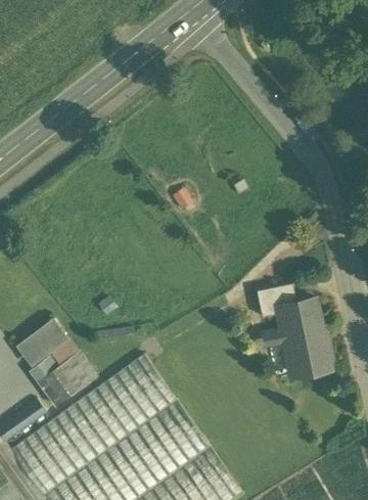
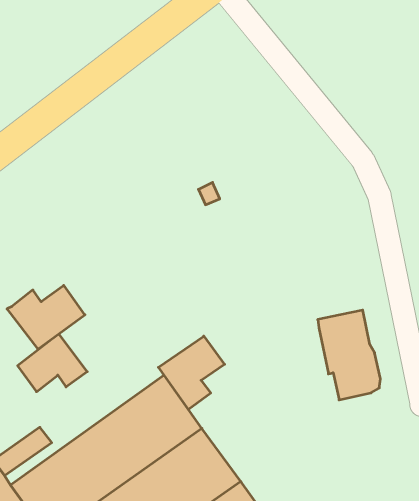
building: [256,284,295,318] -> none
building: none -> [158,336,225,409]
building: [29,352,96,407] -> [7,285,85,349]

